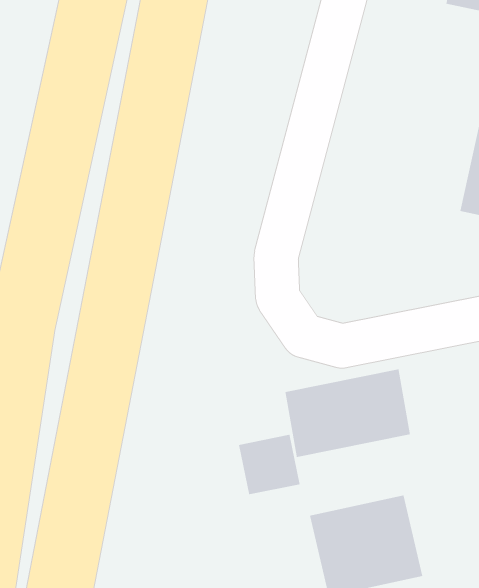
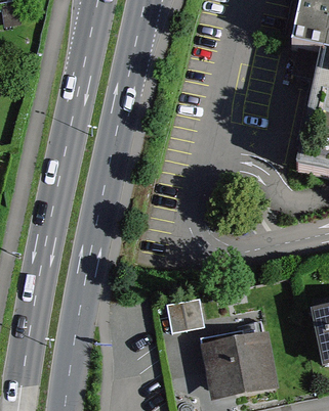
building: [285,369,410,458] -> none

